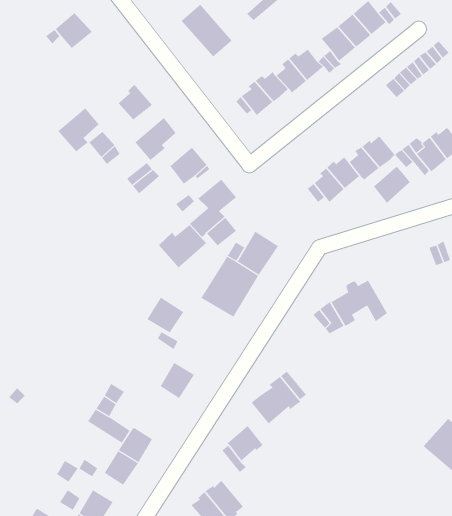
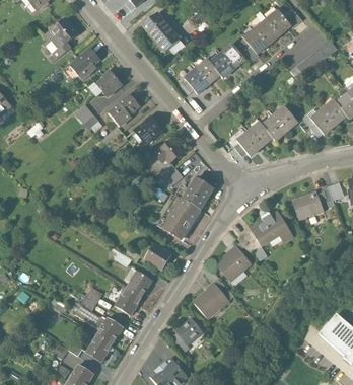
building: [58,108,100,152] -> [69,47,99,79]
building: [373,166,411,204] -> none
building: [158,224,207,268] -> none
building: none -> [291,190,324,221]
building: [146,297,184,333] -> [144,243,171,269]
building: none -> [217,245,251,281]
building: none -> [115,289,141,316]

